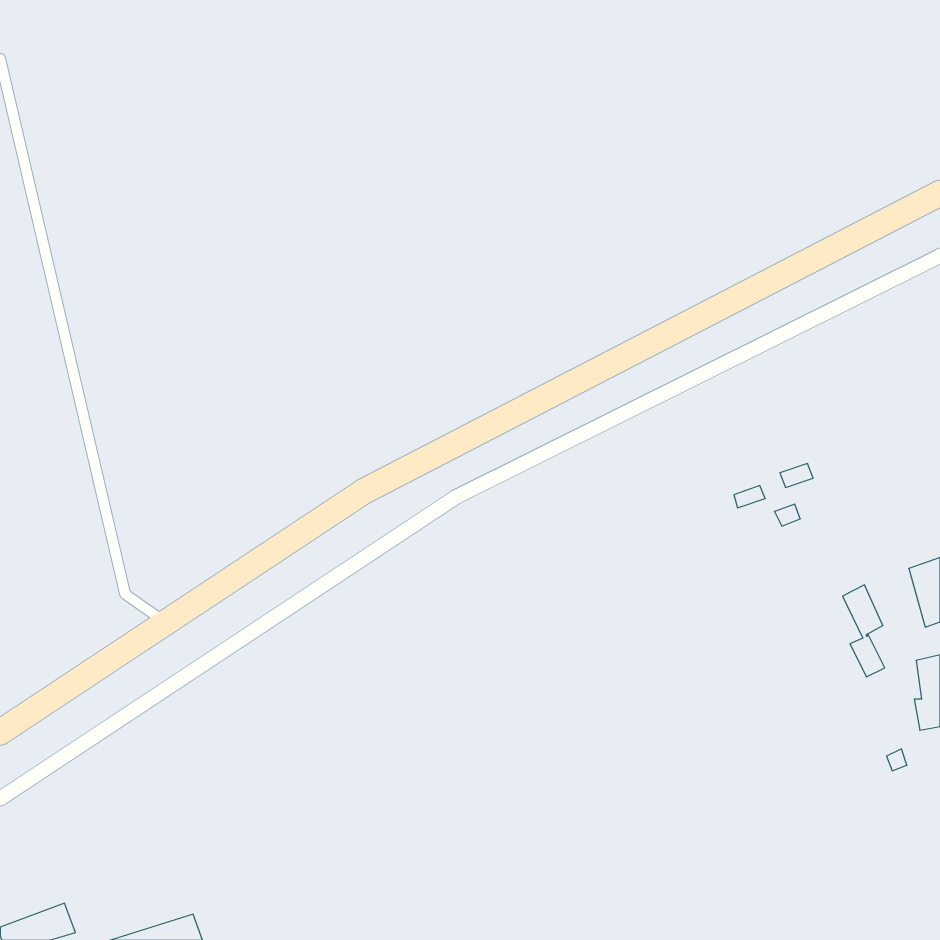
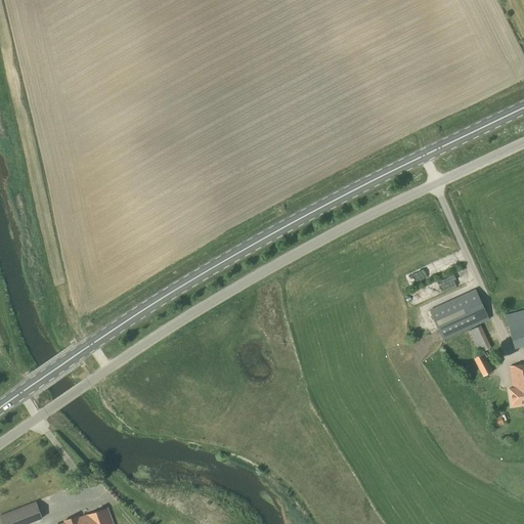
building: none -> [430,290,488,340]

